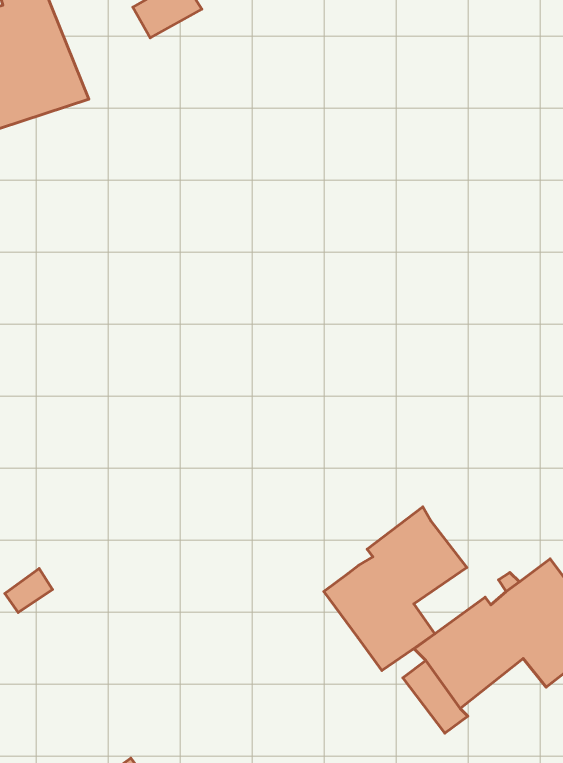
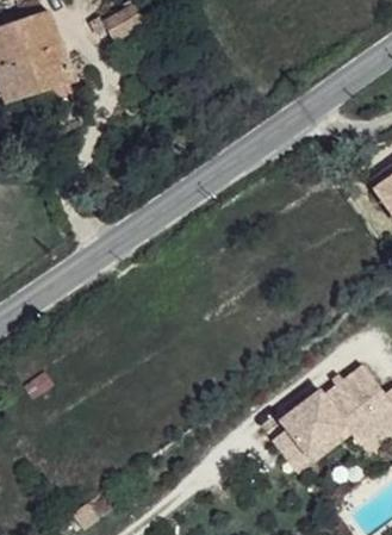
building: [324,507,467,670] -> none

